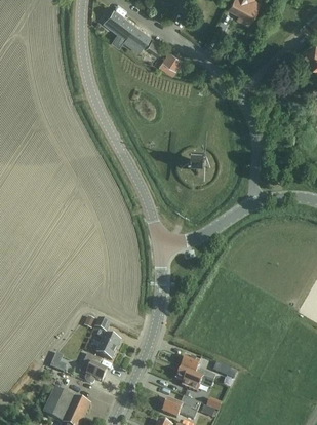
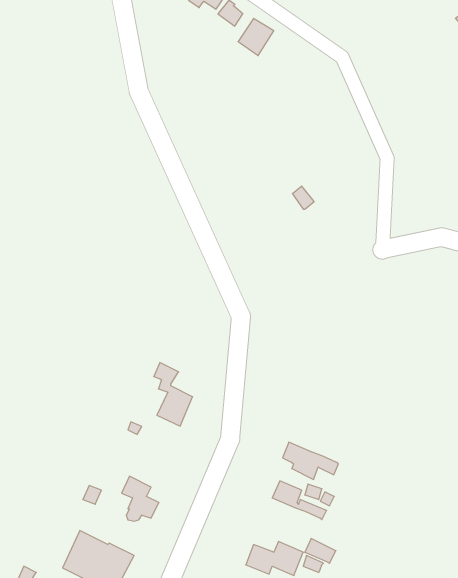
building: [93,319,119,361] -> [154,363,193,426]
building: [176,369,213,393] -> [283,442,338,479]

